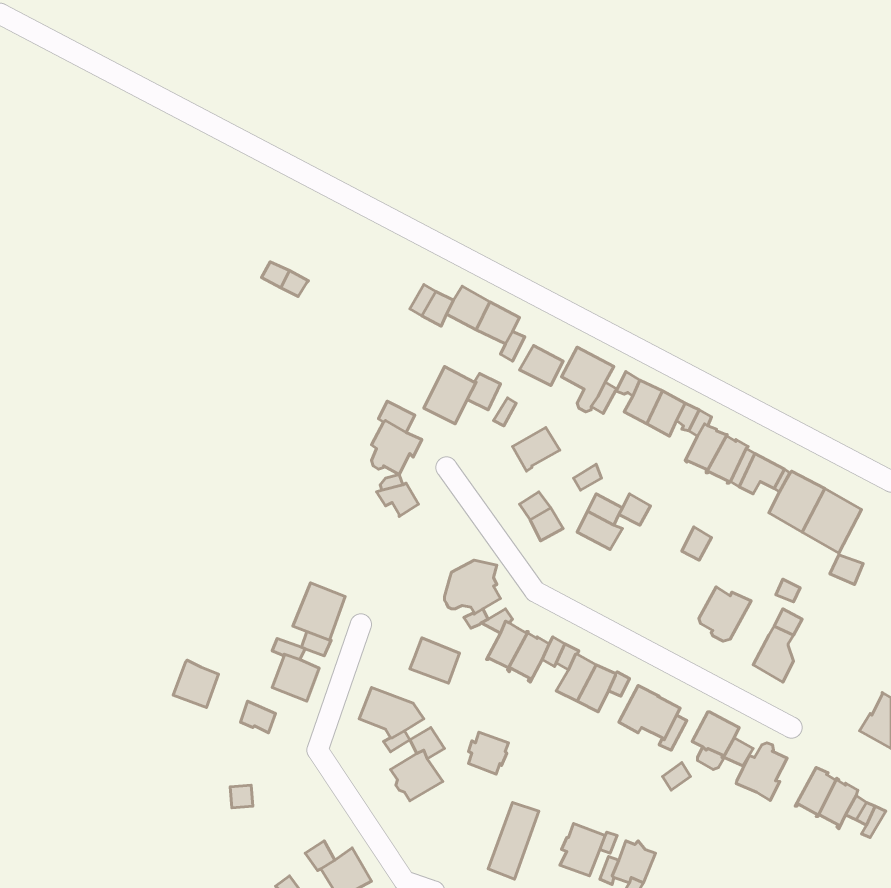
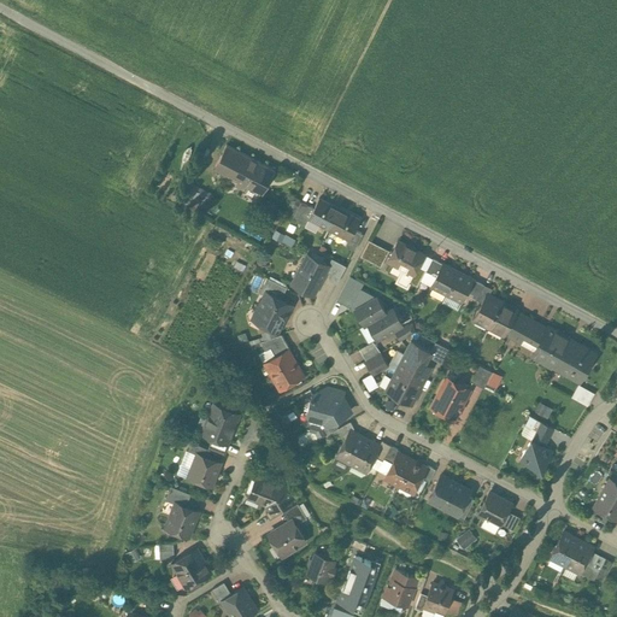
building: none -> [215,147,275,195]
building: none -> [368,310,402,341]
building: none -> [265,351,304,390]
building: none -> [387,370,422,405]
building: [699,587,751,641] -> [434,381,470,418]
building: [410,638,459,683] -> none
building: [173,660,219,707] -> [166,504,198,536]
building: [468,732,509,774] -> [307,554,335,583]
building: [736,743,787,800] -> none
building: none -> [172,551,211,589]

